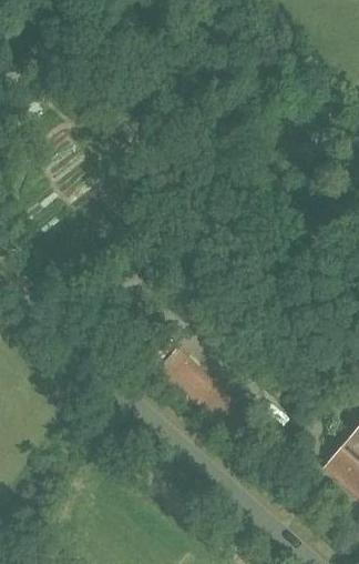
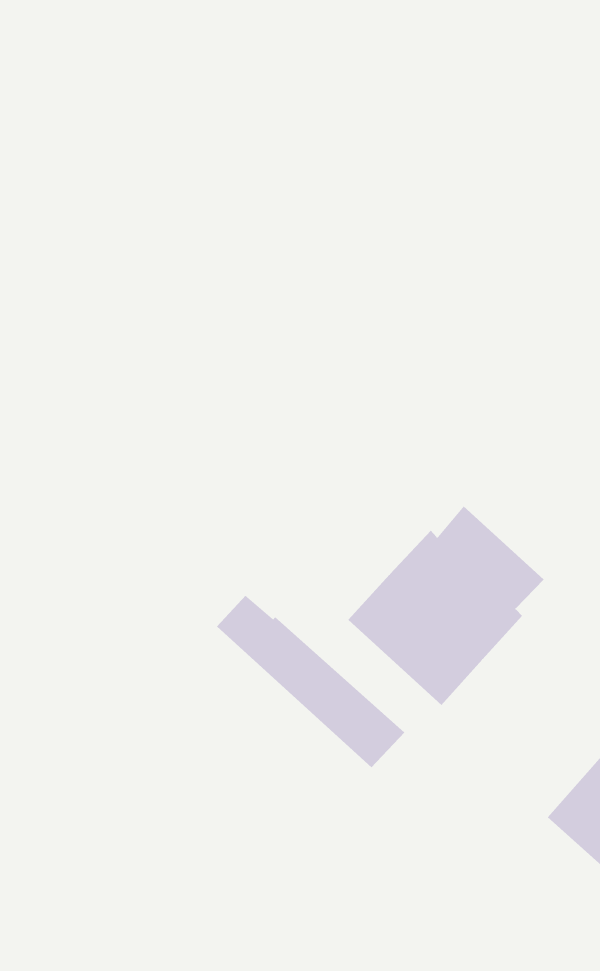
building: none -> [348,506,545,706]

